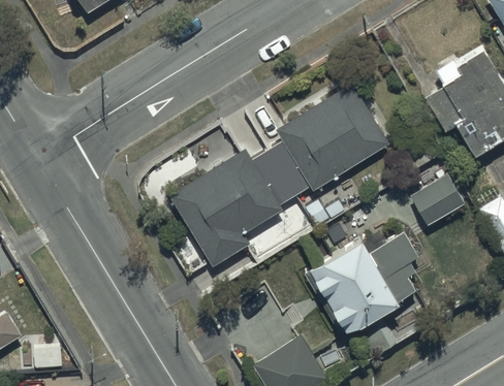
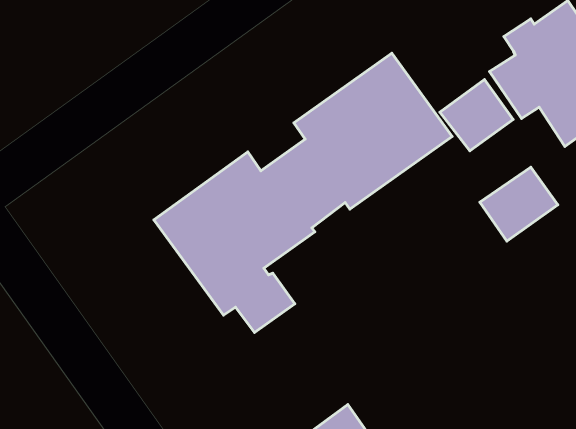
building: none -> [440,80,513,151]
building: [302,232,418,335] -> none

